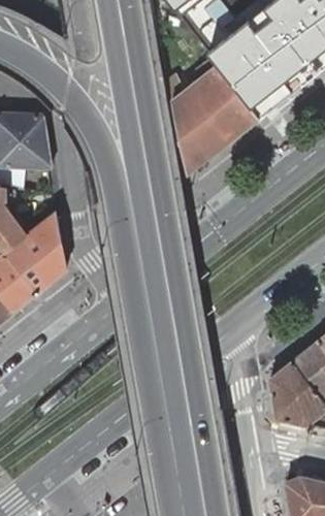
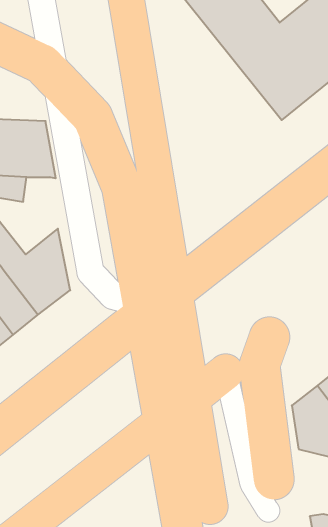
building: [172,61,262,172] -> none

